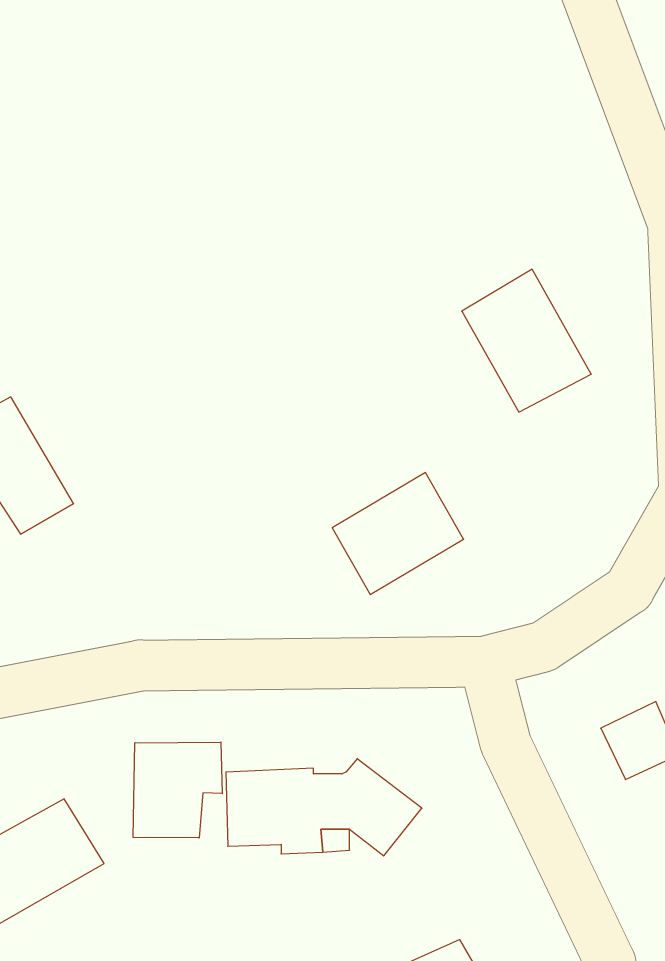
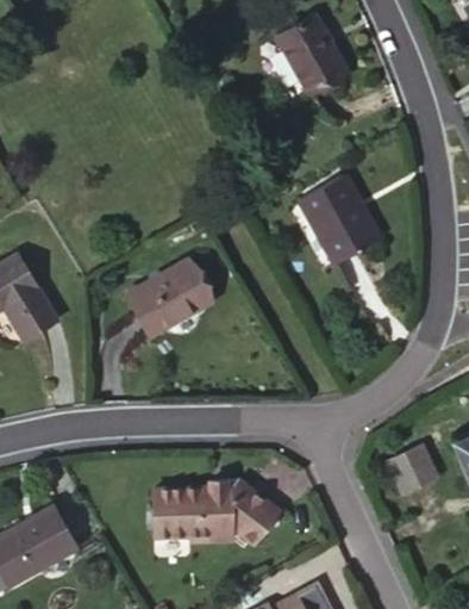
building: none -> [276,15,346,93]
building: [332,473,464,594] -> [125,261,207,337]
building: [133,742,222,838] -> none

